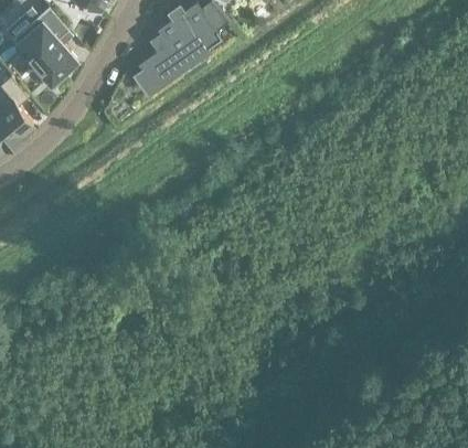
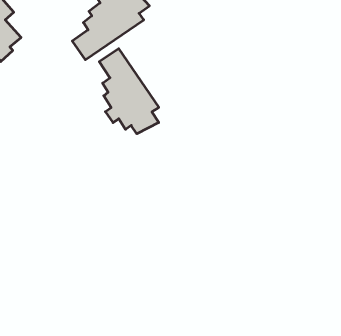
building: none -> [99,49,159,134]

